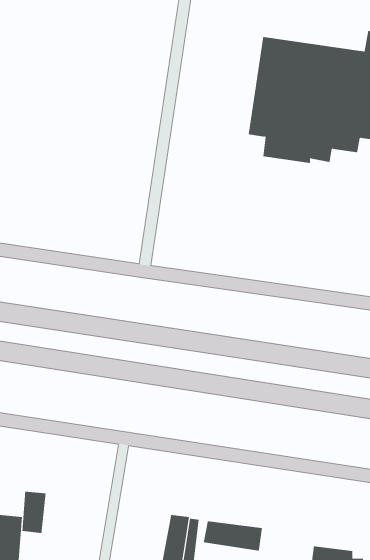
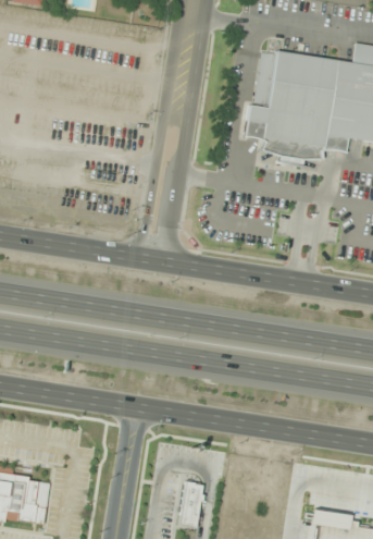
building: [22,491,46,534] -> none
building: [203,521,262,552] -> none

